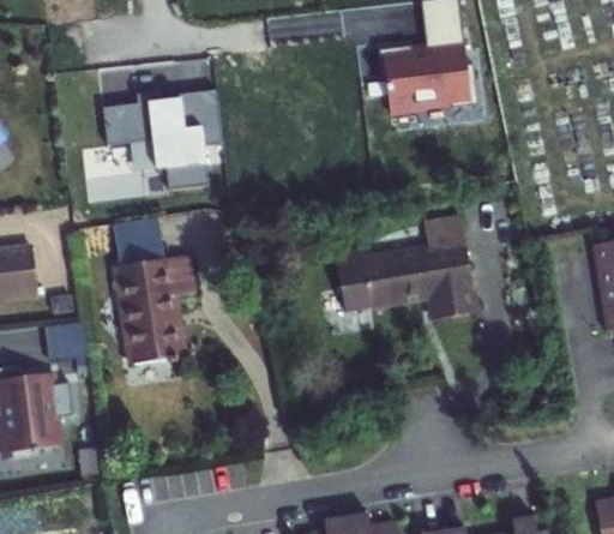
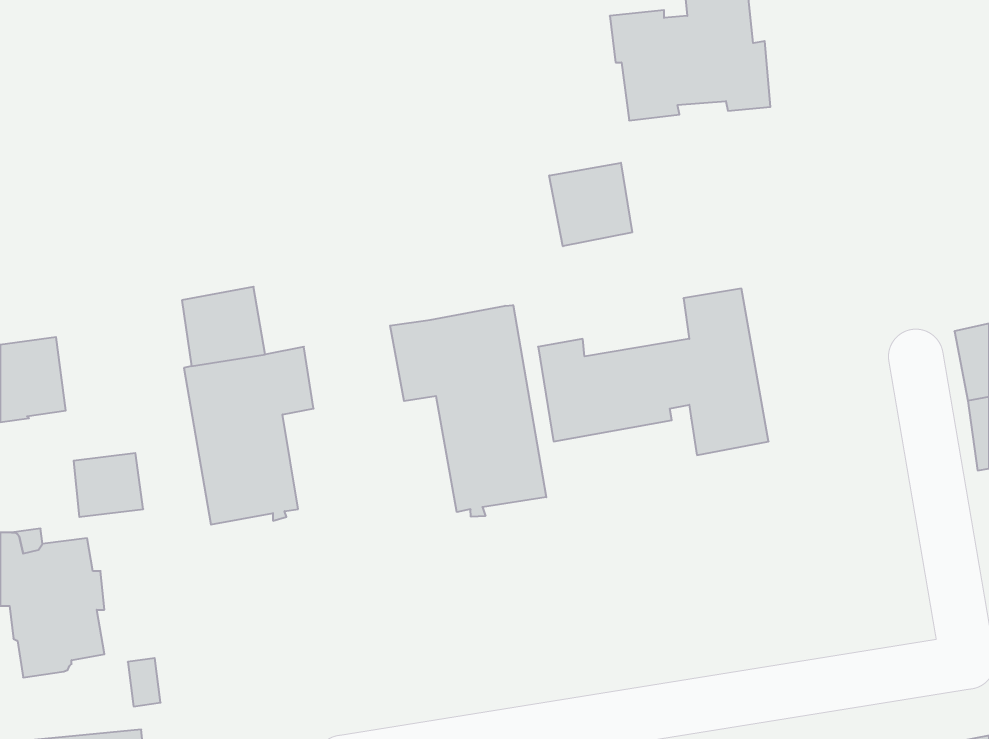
building: [101,86,222,191] -> none
building: none -> [549,163,632,246]
building: none -> [390,305,546,517]

